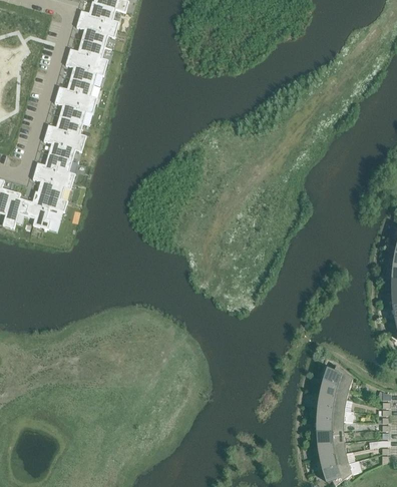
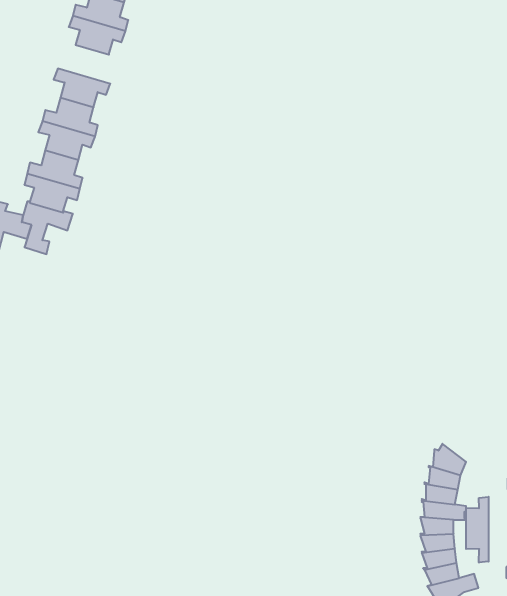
building: [55,78,95,106] -> none
building: none -> [466,497,489,563]

